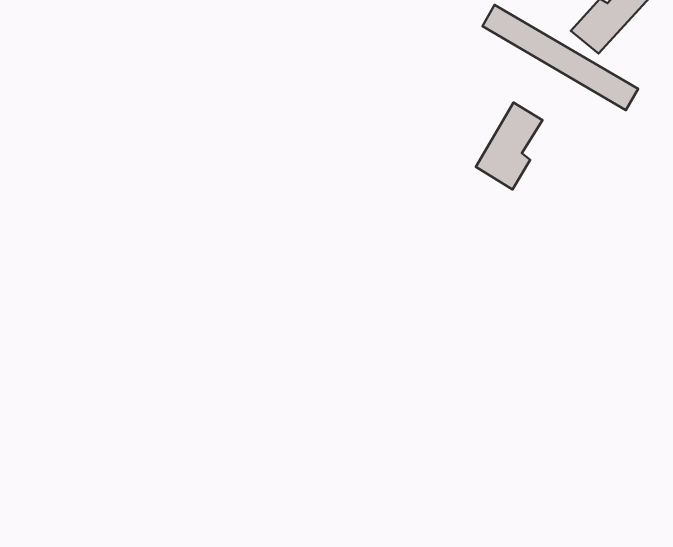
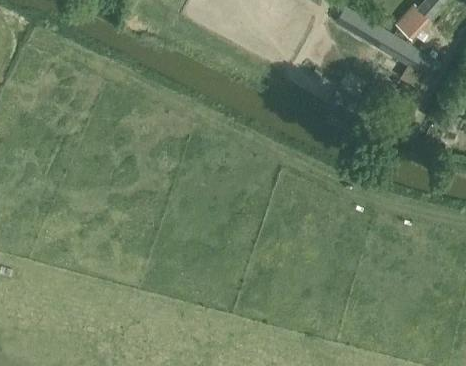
building: [476,103,542,190] -> none

